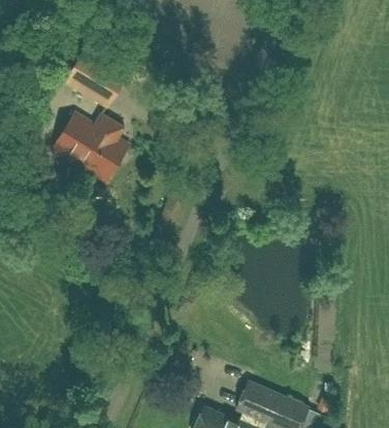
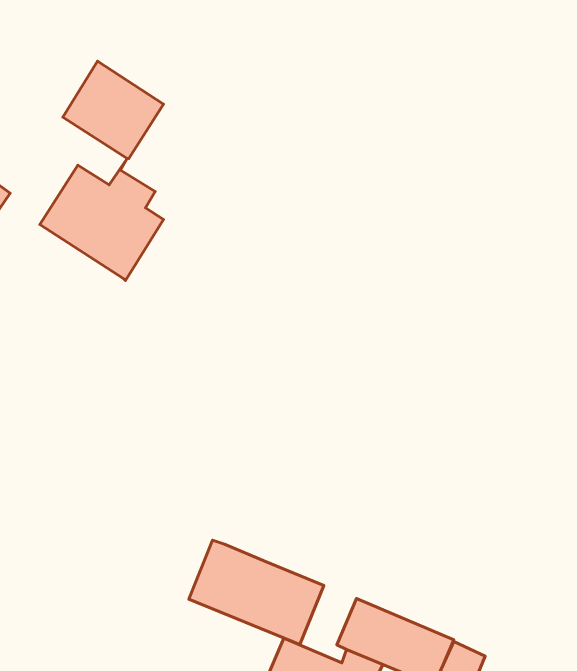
building: none -> [189,540,324,645]

